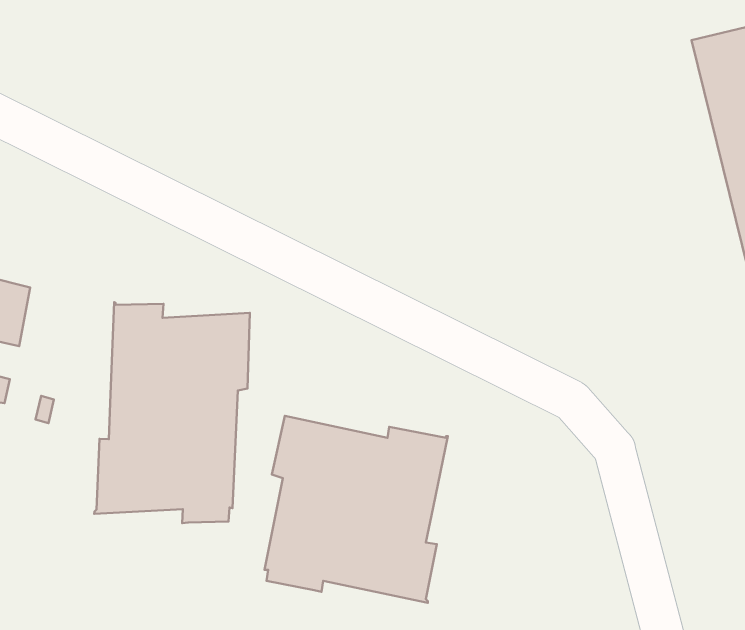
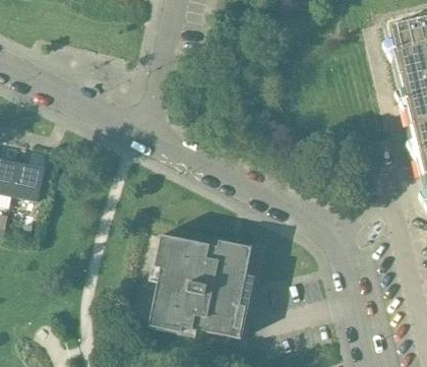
building: none -> [15,163,46,200]
building: [94,302,250,523] -> none

